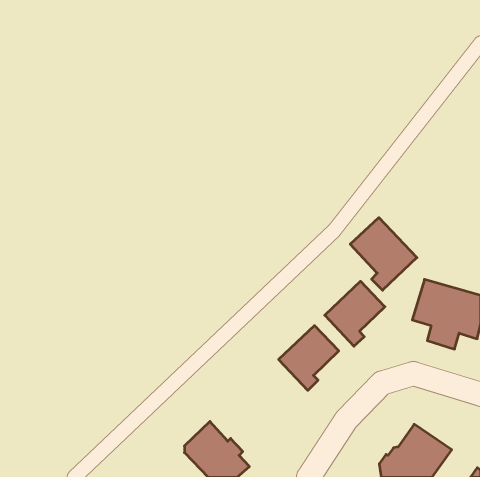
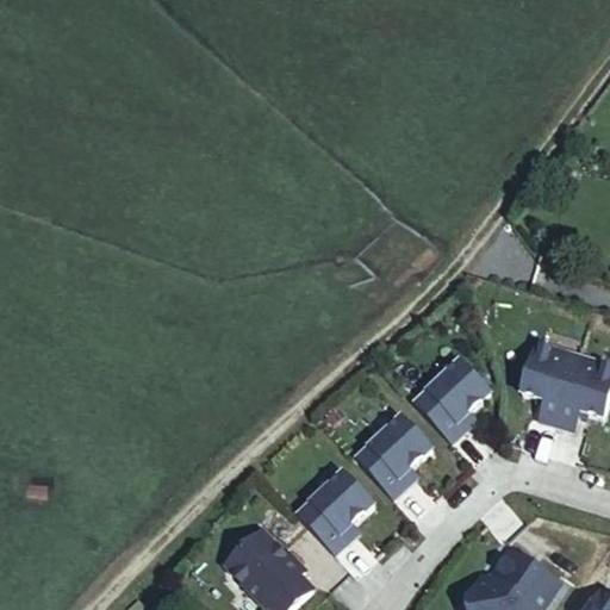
building: [350,218,417,290] -> none
building: none -> [295,467,372,550]

